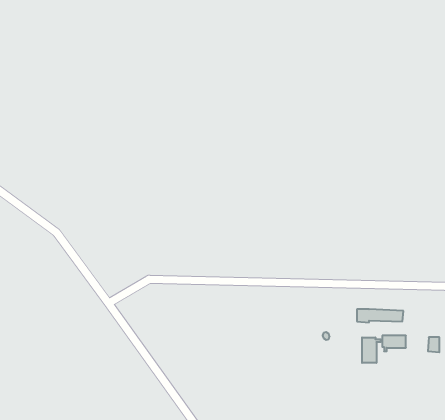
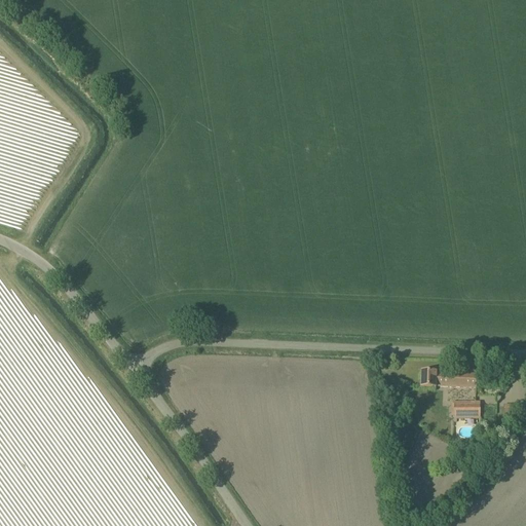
building: [362,337,381,363] -> none

